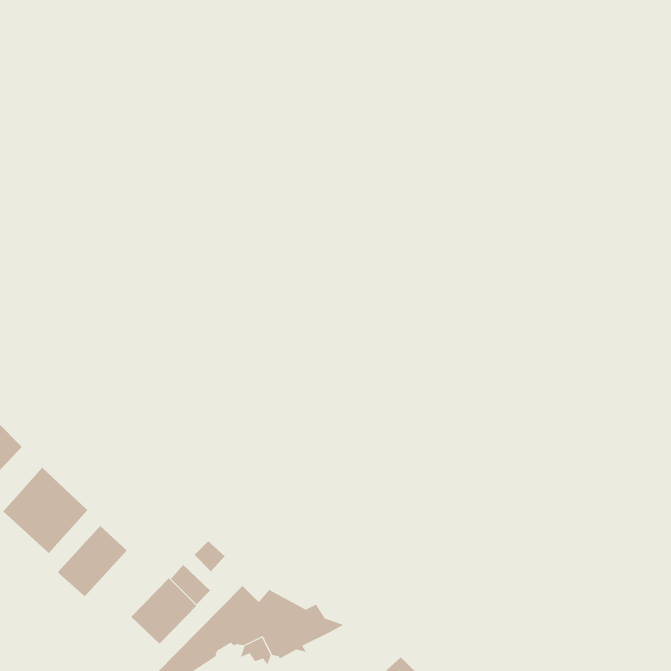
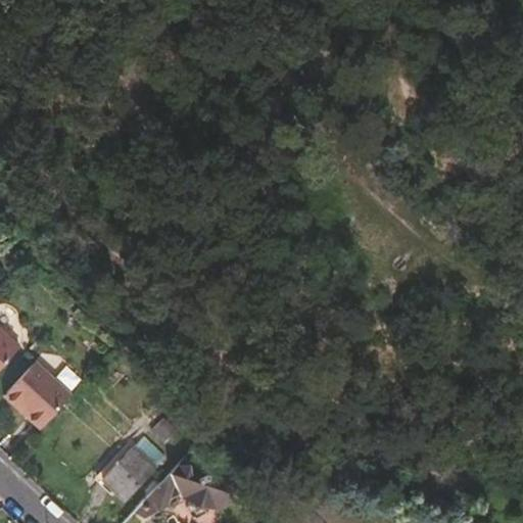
building: [57,525,128,598] -> none

